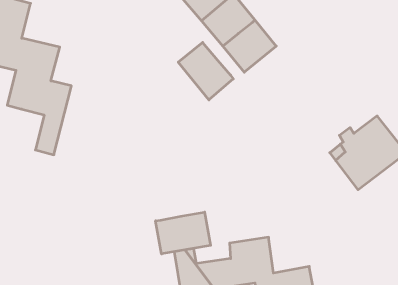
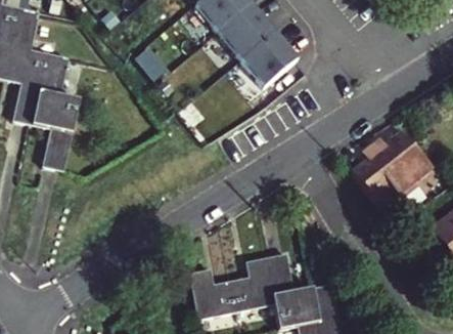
building: [178,42,233,100] -> none
building: [156,212,211,254] -> none

